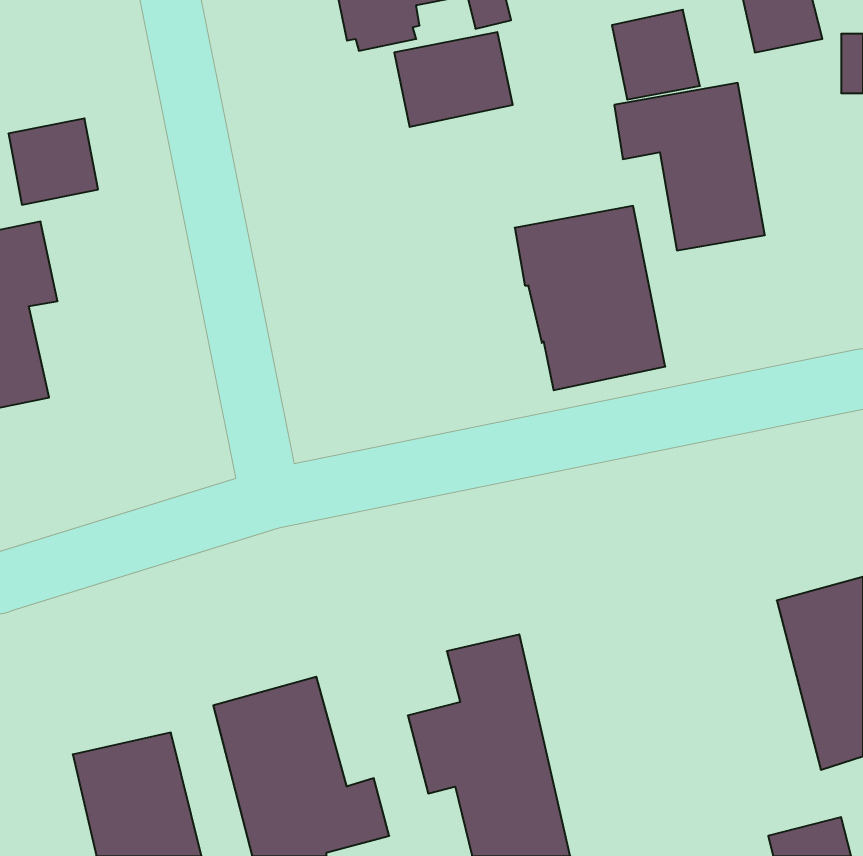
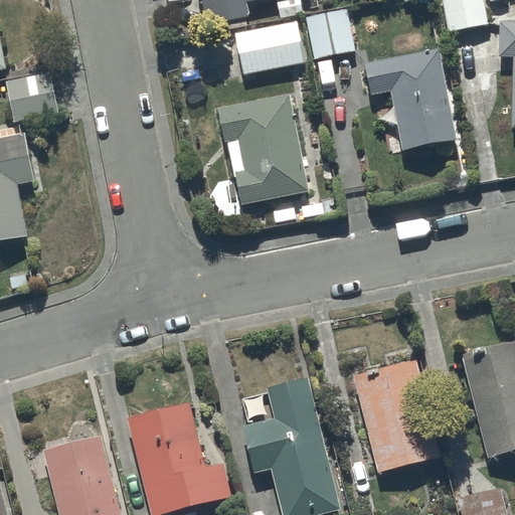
building: [612,10,700,99] -> [303,7,355,60]
building: [515,206,665,390] -> [218,95,308,204]
building: none -> [352,360,440,473]

